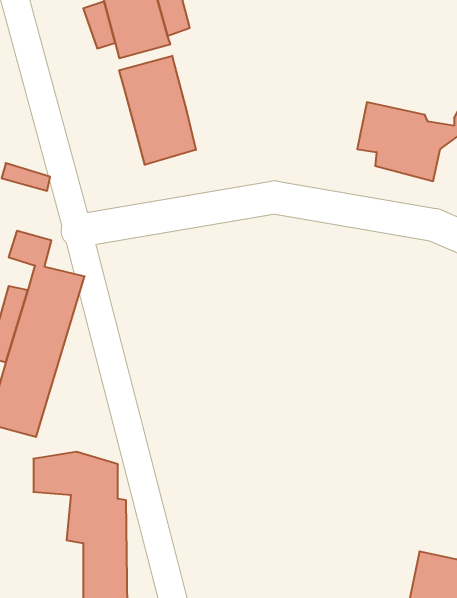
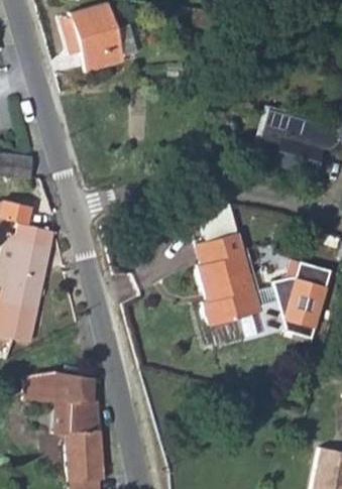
building: [119,56,196,165] -> none
building: none -> [195,234,322,338]

